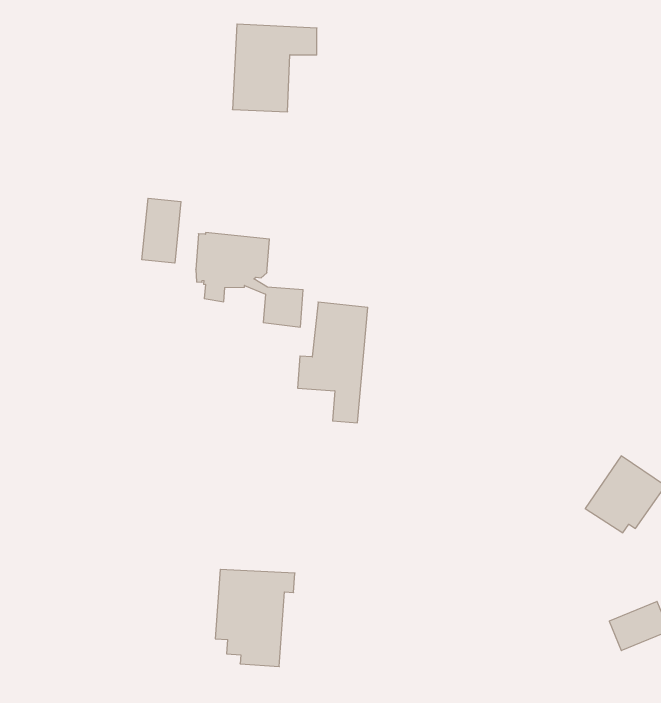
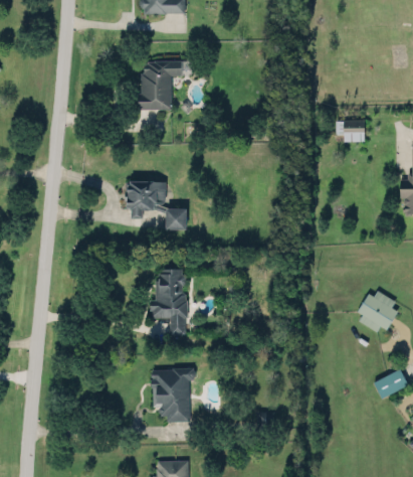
building: none -> [336,120,365,142]
building: [142,198,181,263] -> none
building: [298,302,368,423] -> [150,269,186,335]

